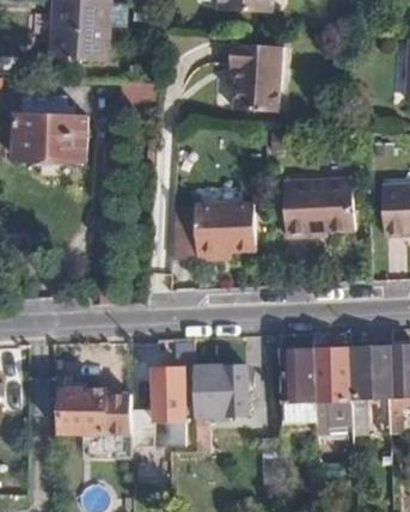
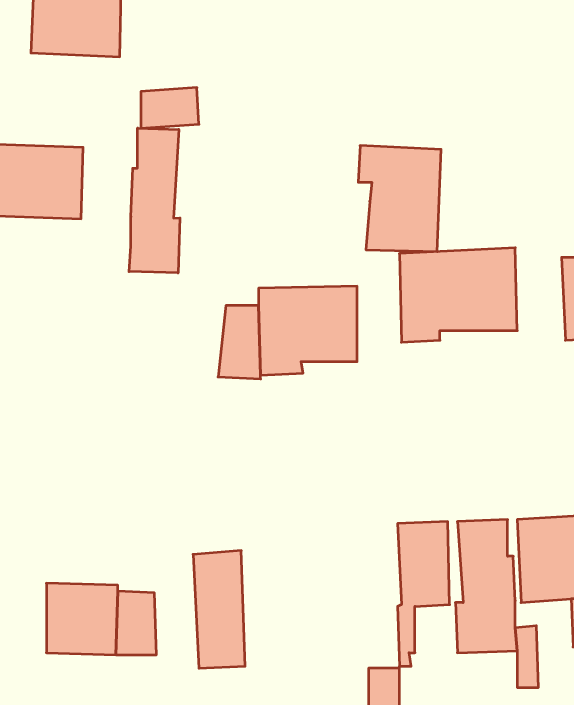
building: [228,43,280,109] -> [358,146,441,252]
building: none -> [129,128,180,273]
building: [192,365,245,452] -> none

